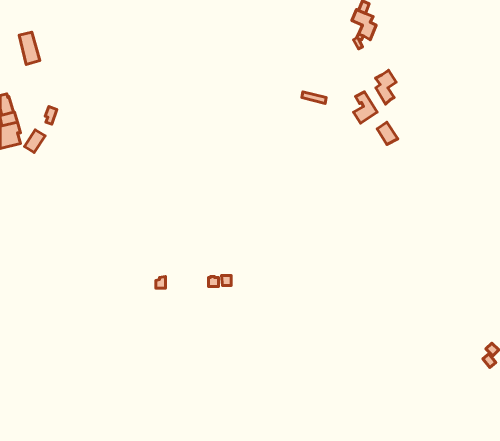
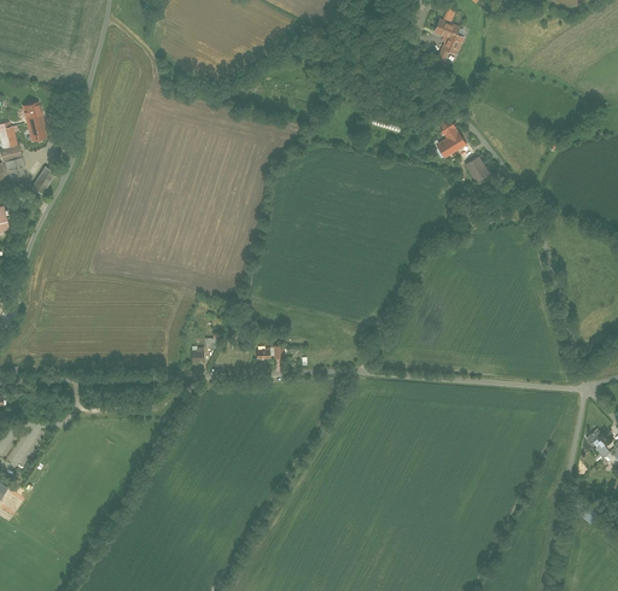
building: [19,32,40,65] -> [22,101,47,141]
building: [376,70,396,104] -> none

